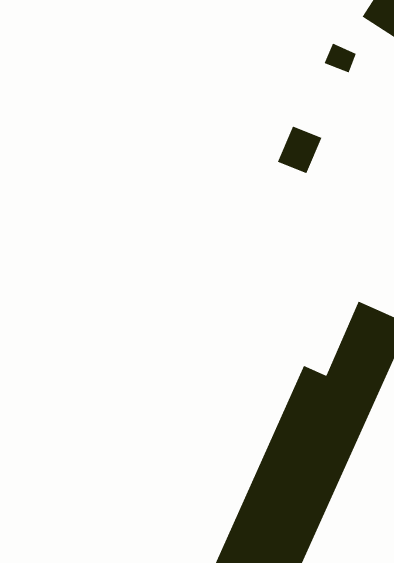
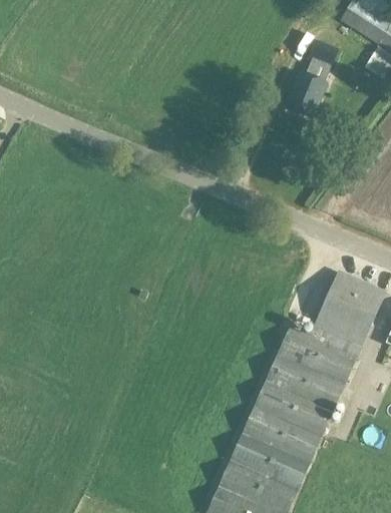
building: [277,125,323,174] -> [284,73,325,117]

